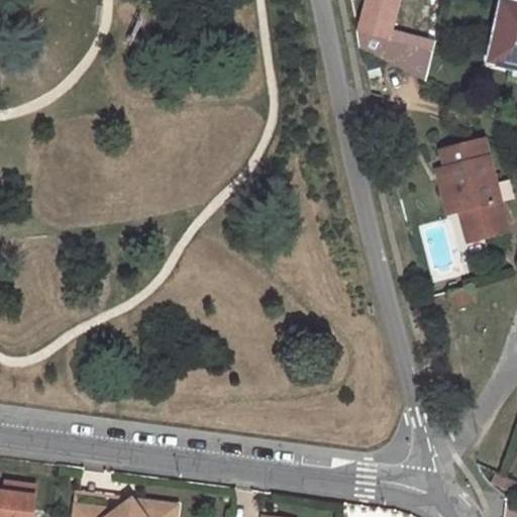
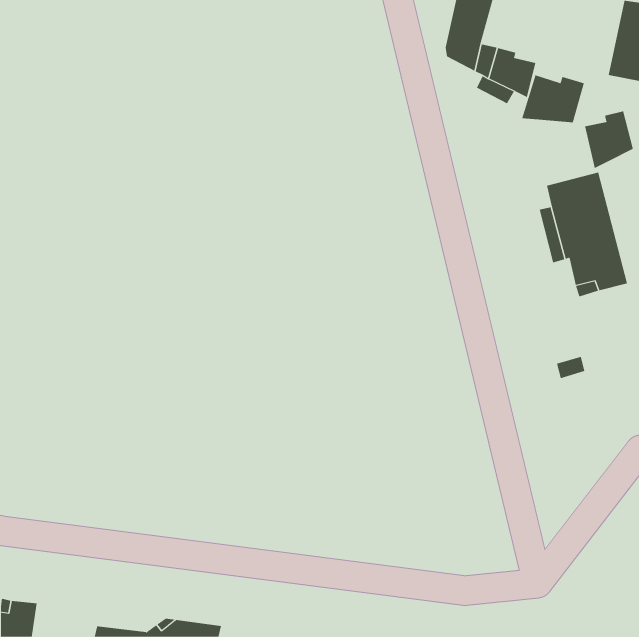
building: none -> [521,74,585,123]
building: none -> [584,111,633,169]

